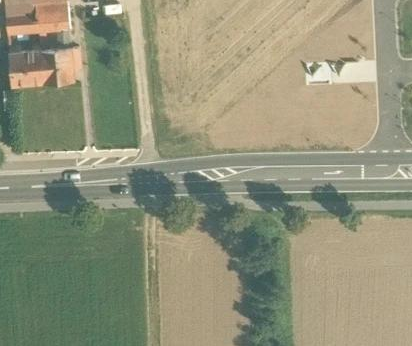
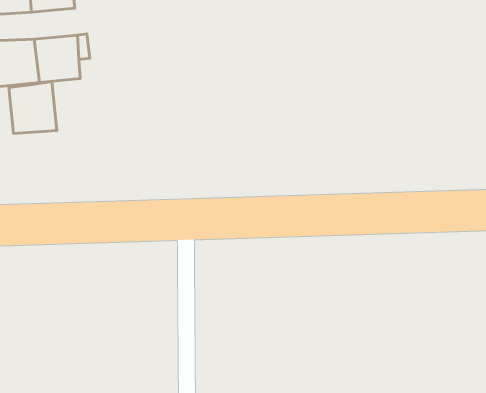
building: none -> [9,81,57,134]

